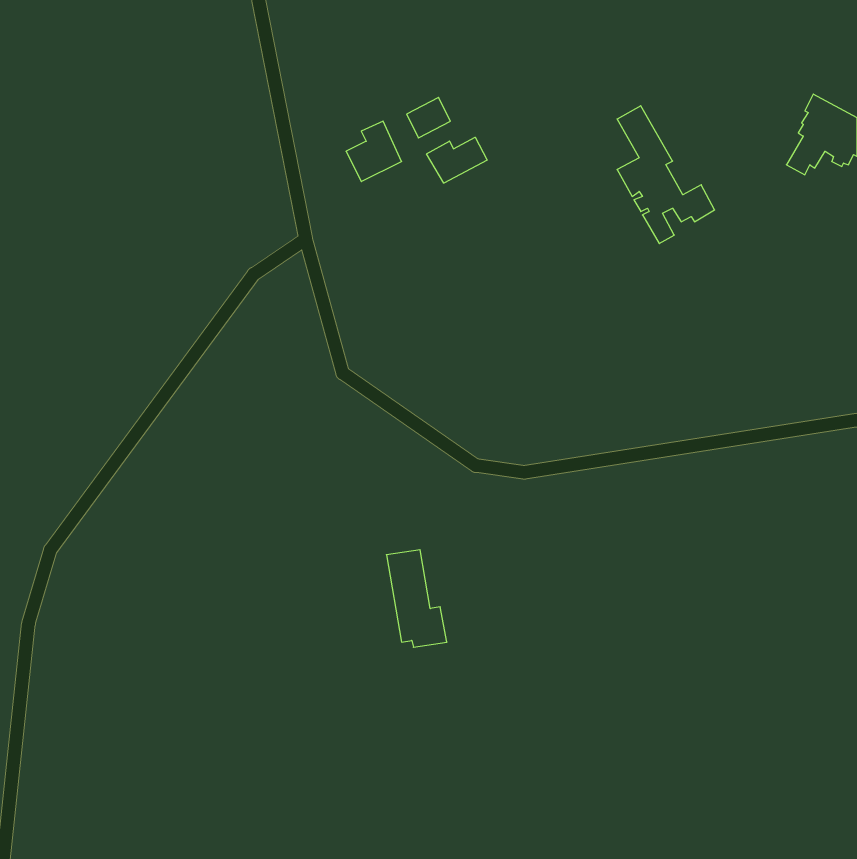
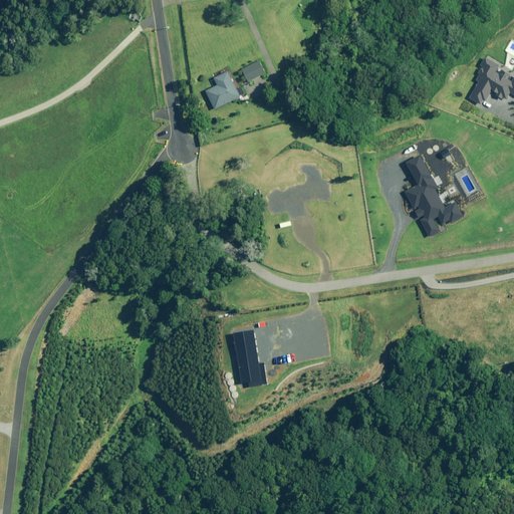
building: [617,106,715,244] -> [404,154,462,236]
building: [427,137,487,183] -> none

